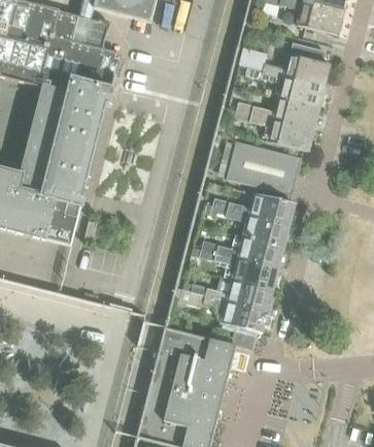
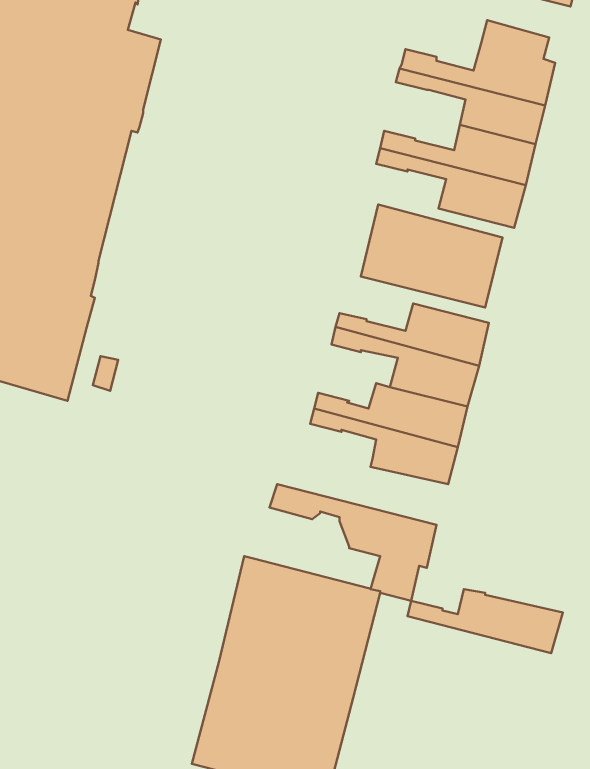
building: [190,277,272,311] -> [407,589,563,653]

